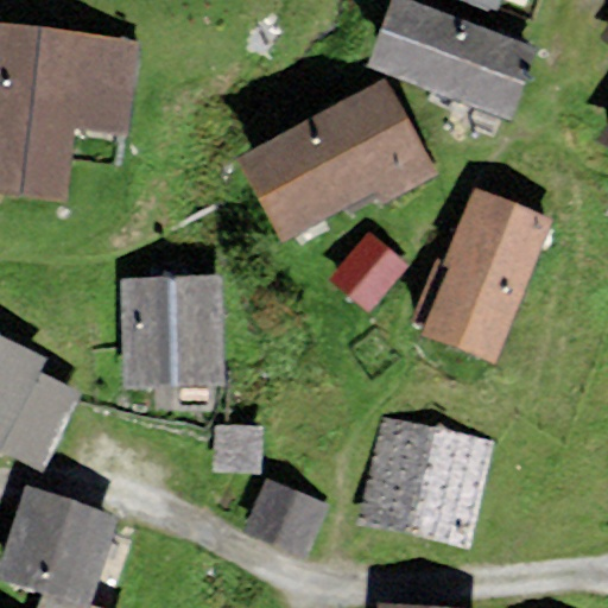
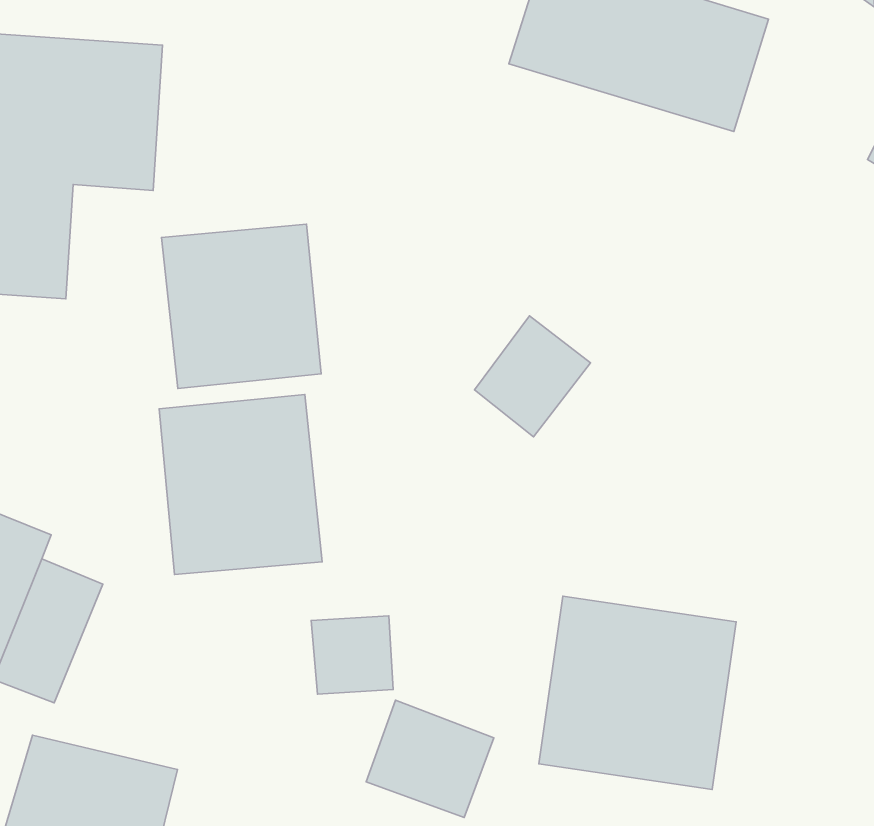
building: [236,78,437,240] -> none
building: none -> [161,224,321,388]
building: [422,186,550,362] -> none

